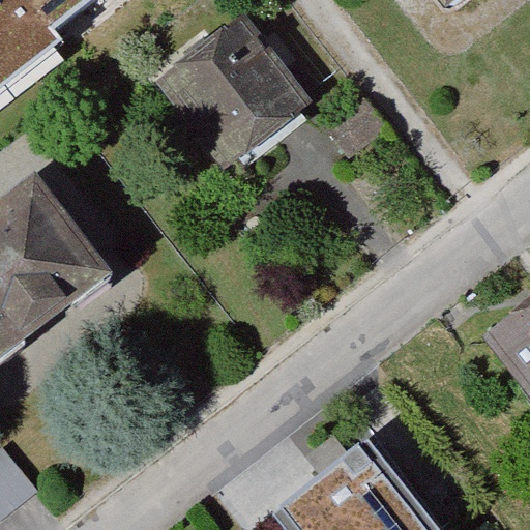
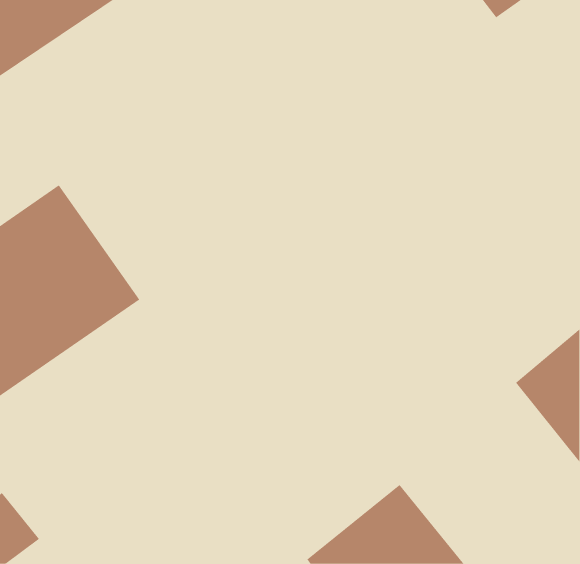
building: [161,16,389,174] -> none

